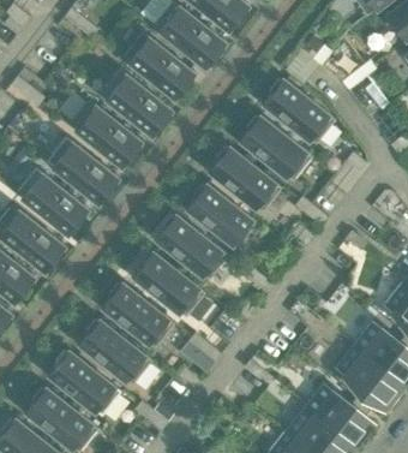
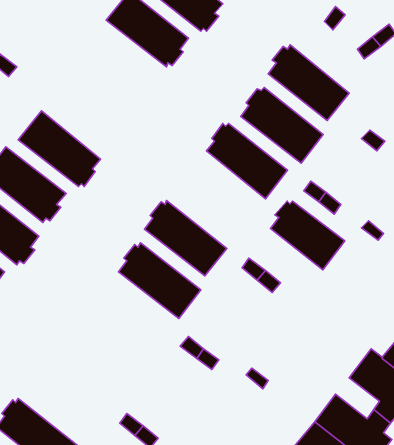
building: [100,67,172,133] -> none
building: [70,99,140,163] -> none
building: [187,183,252,243] -> [271,201,345,270]
building: [103,281,174,347] -> none
building: [80,318,151,383] -> none
building: [49,348,121,415] -> none

